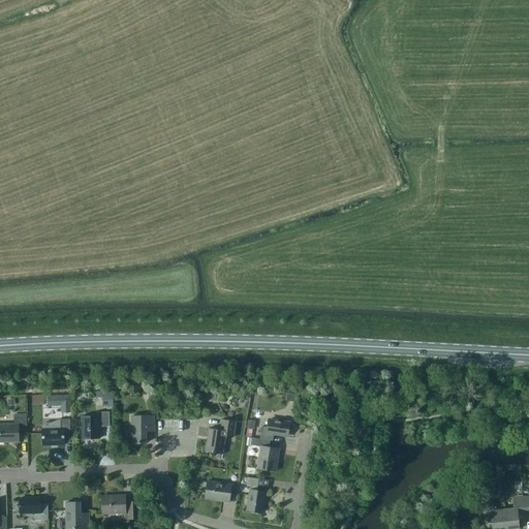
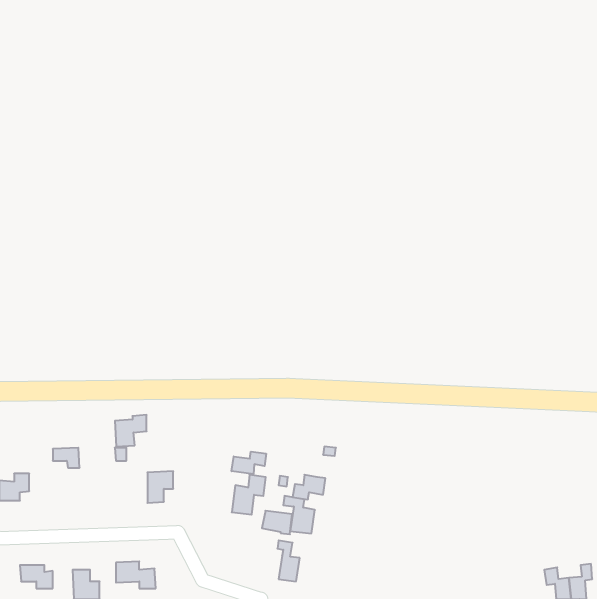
building: none -> [232,452,266,474]
building: [81,411,108,439] -> [115,415,147,447]
building: [41,418,69,445] -> none
building: [204,481,230,502] -> [262,511,292,534]

